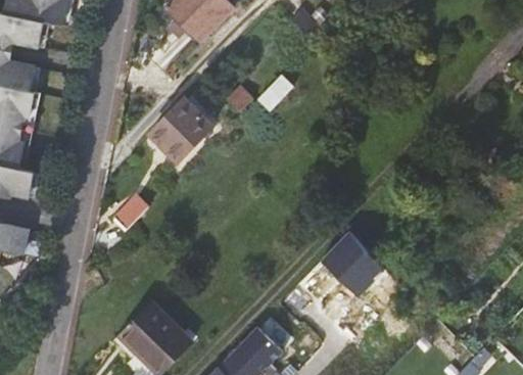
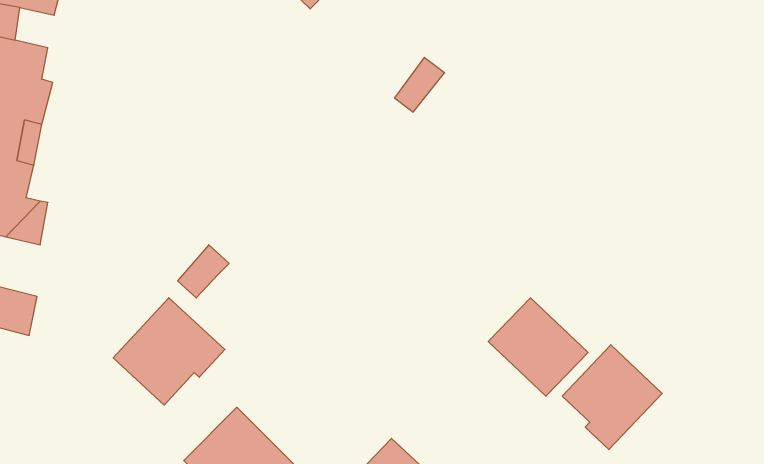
building: [148,100,209,161] -> none
building: none -> [113,298,225,405]
building: none -> [562,345,662,450]

